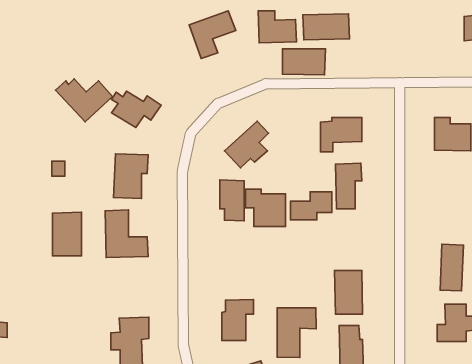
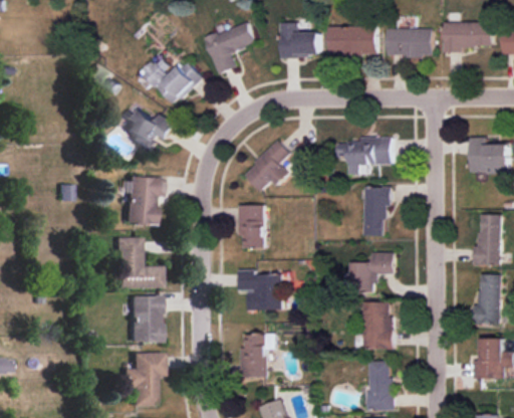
building: none -> [443,22,491,53]
building: [283,49,325,75] -> [387,29,433,57]
building: [55,79,112,122] -> [141,59,202,106]
building: [245,189,286,226] -> [238,270,281,310]
building: none -> [472,215,501,265]
building: [291,192,332,220] -> [349,253,394,283]
building: [53,212,81,256] -> [128,295,160,343]
building: [277,308,316,357] -> none

